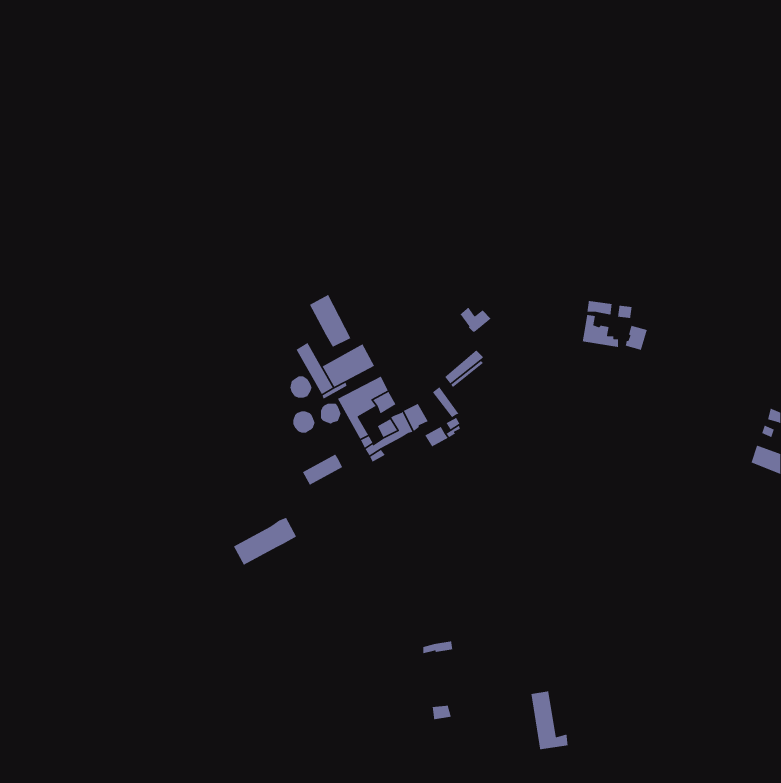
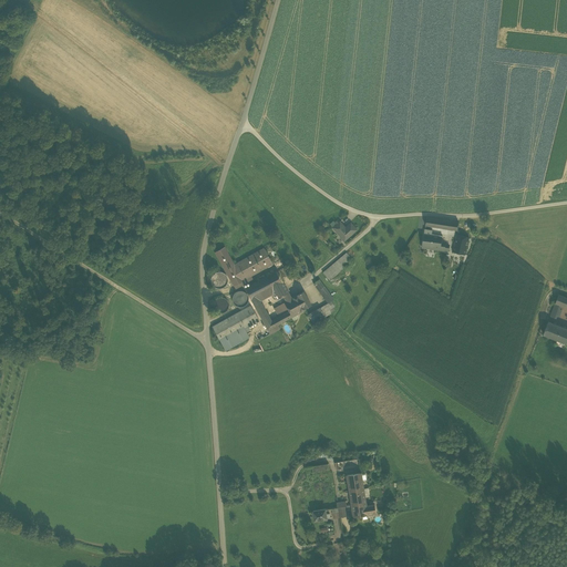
building: [309,294,352,348] -> none
building: [233,517,297,566] -> [210,306,257,341]
building: [530,691,569,750] -> [347,473,374,516]

